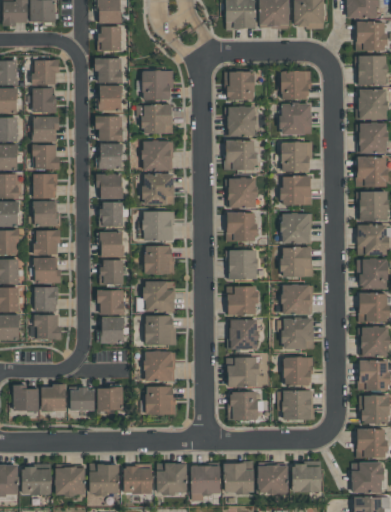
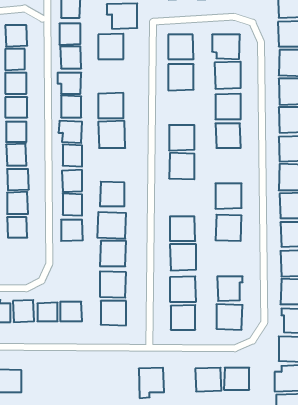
building: [136,104,172,134] -> [107,3,137,29]
building: [225,140,255,170] -> none
building: [142,211,174,241] -> none
building: [281,213,311,243] -> none
building: [226,249,257,280] -> none
building: [32,314,60,339] -> none
building: [100,317,124,343] -> none
building: [281,317,314,349] -> none
building: [223,462,254,493] -> none
building: [156,463,187,494] -> none
building: [89,464,119,495] -> none
building: [55,467,85,495] -> none
building: [123,467,152,493] -> none

